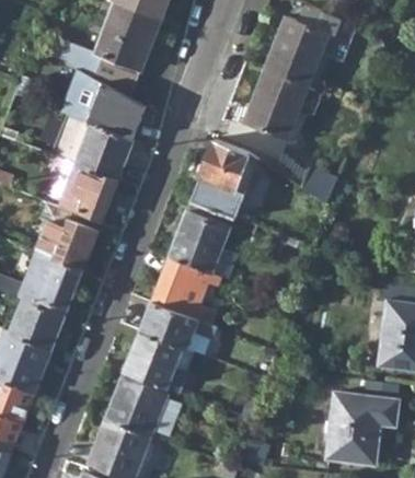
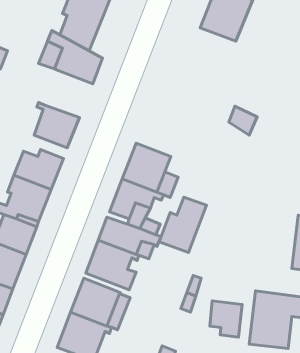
building: [245,69,309,142] -> none
building: [73,121,132,179] -> none
building: [192,139,268,215] -> none
building: none -> [159,197,207,252]
building: none -> [210,301,242,337]

